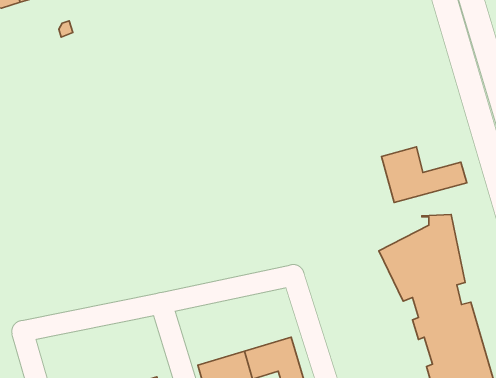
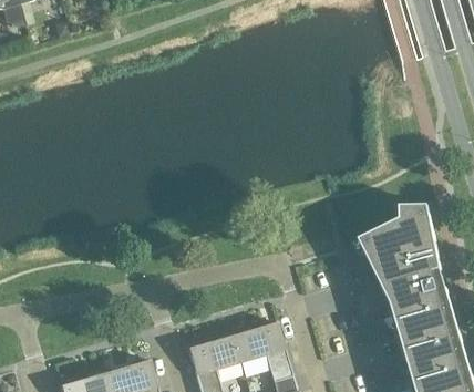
building: [381,147,467,203] -> none

